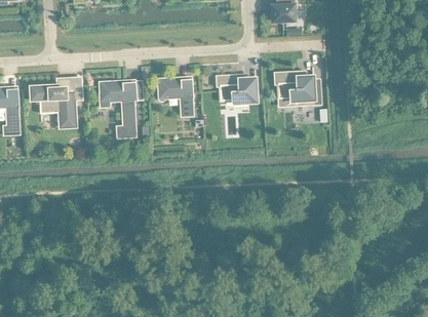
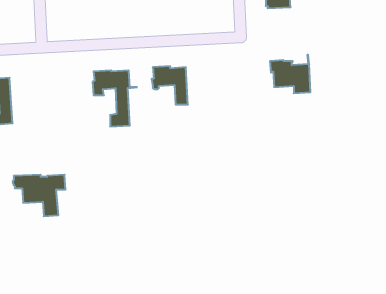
building: [215,73,256,103] -> none
building: [30,85,82,126] -> [13,175,66,216]

